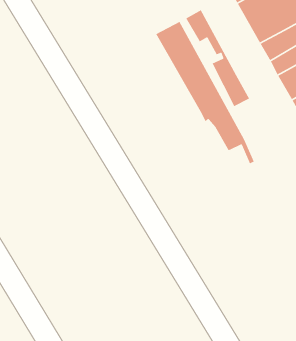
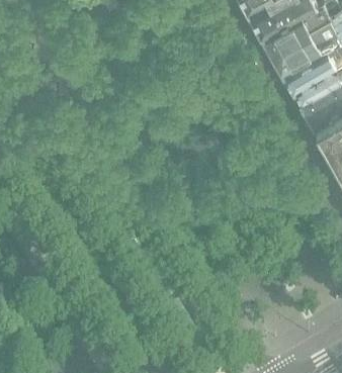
building: [185,9,250,107] -> none
building: [155,21,255,165] -> none

